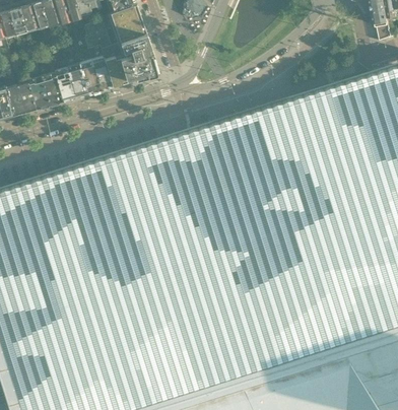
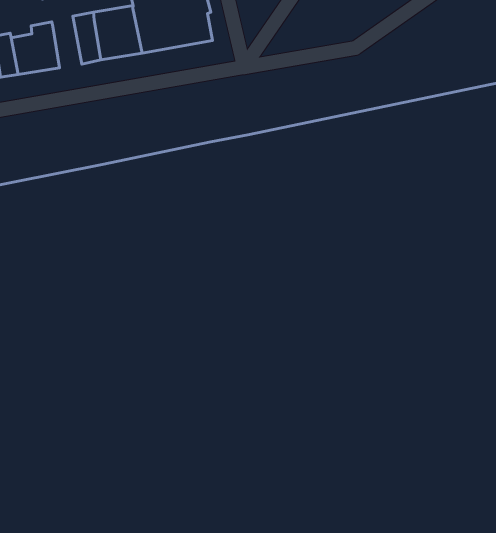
building: [53,68,74,102] -> none

